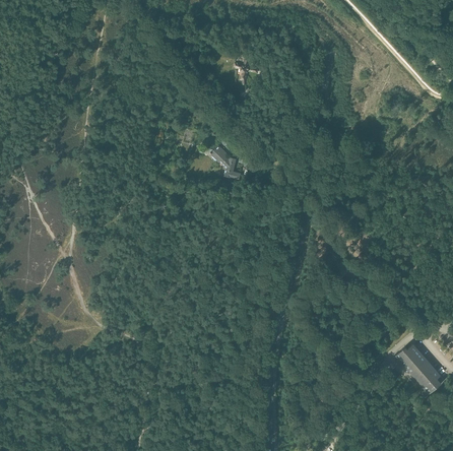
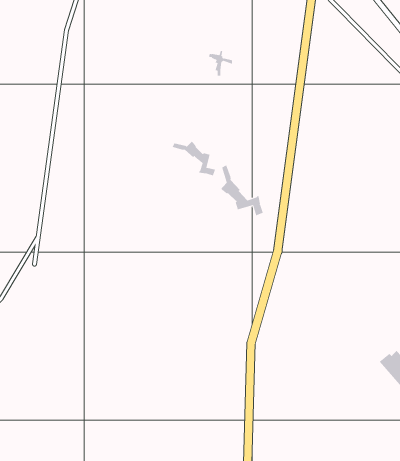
building: none -> [220,165,263,216]

